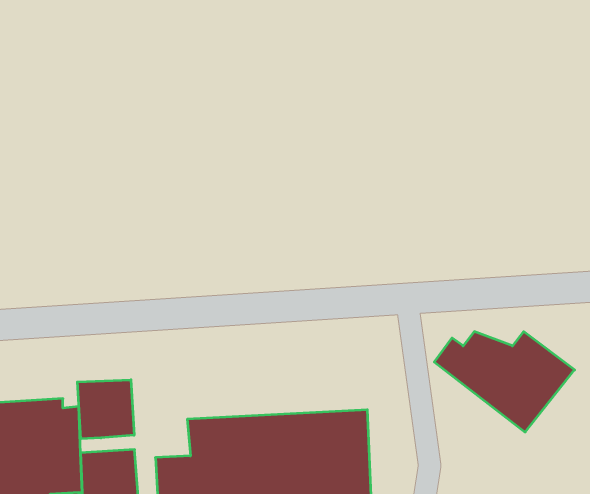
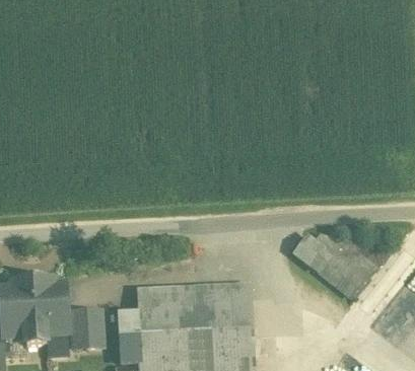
building: [77,380,134,439] -> none

